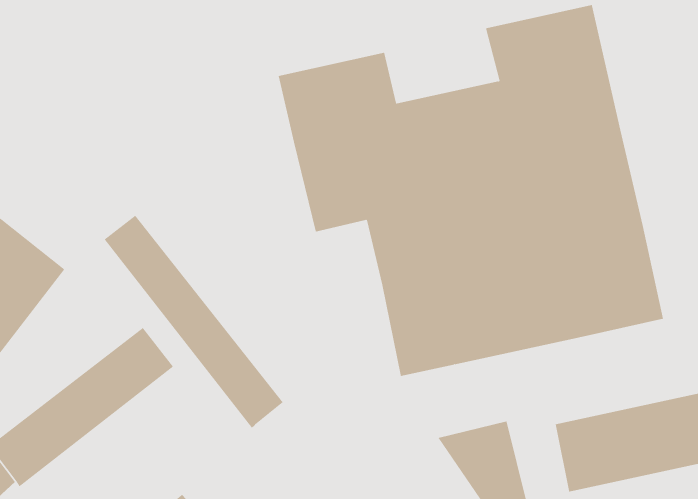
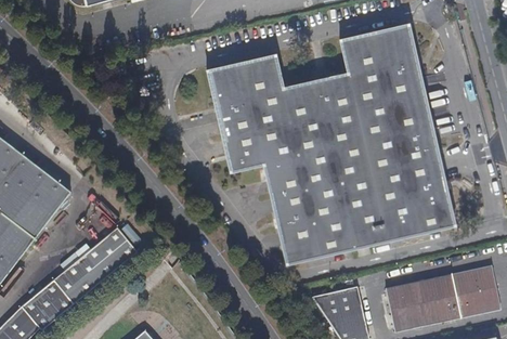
building: [104,215,283,429] -> none

